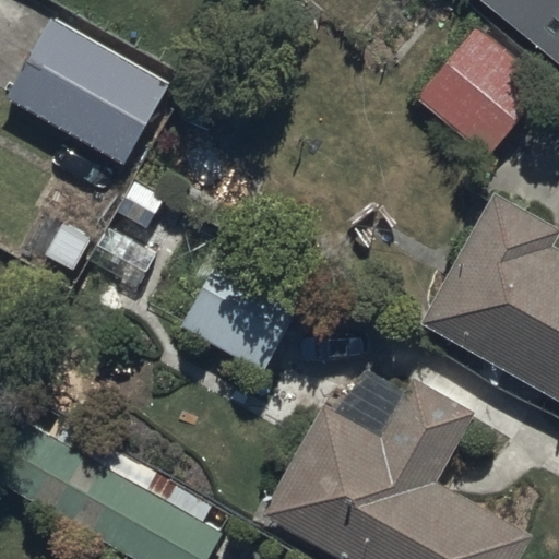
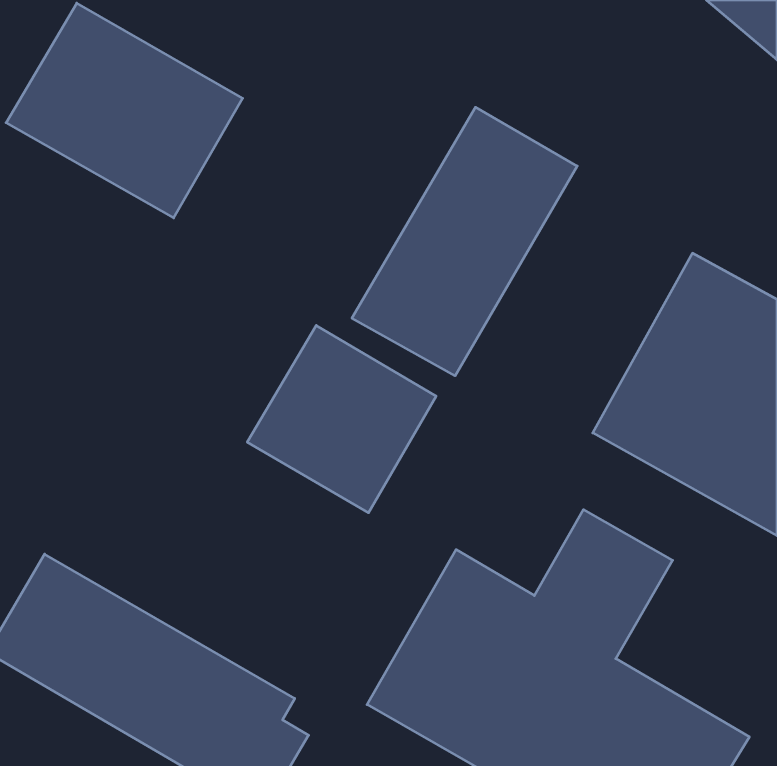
building: [413,29,546,163] -> none
building: none -> [352,107,577,376]

